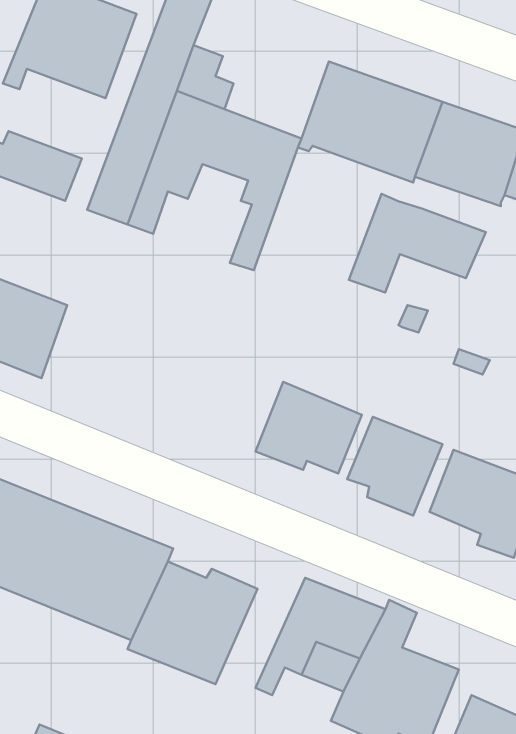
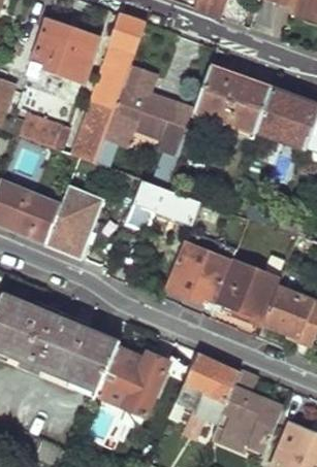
building: [349,194,486,293] -> [124,175,201,231]
building: none -> [45,188,100,258]

